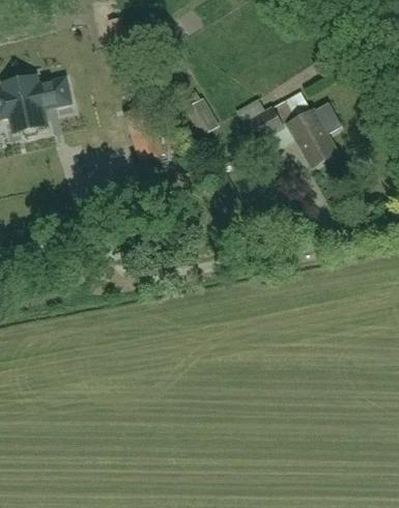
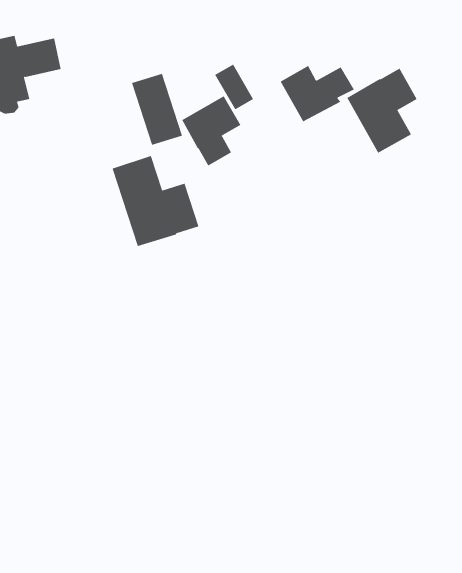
building: none -> [181,95,241,166]
building: none -> [112,155,199,247]

